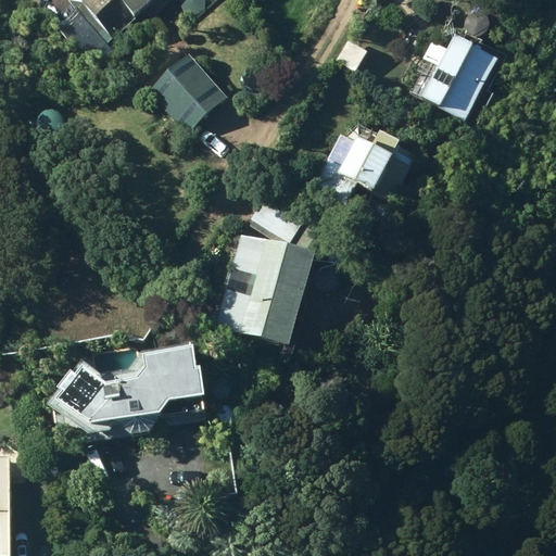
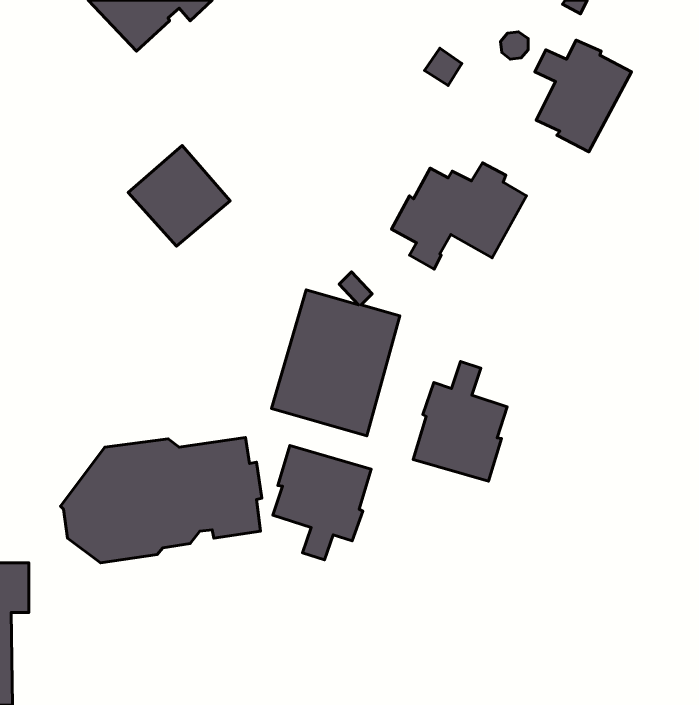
building: [144,53,225,132] -> [128,145,230,246]
building: none -> [413,361,507,481]
building: none -> [273,445,371,560]

